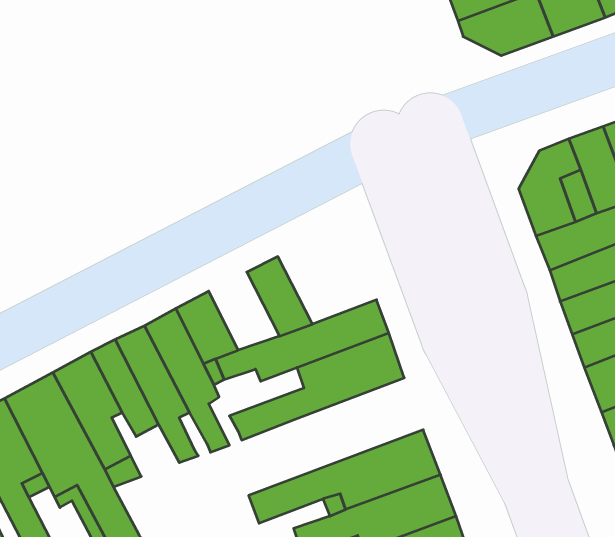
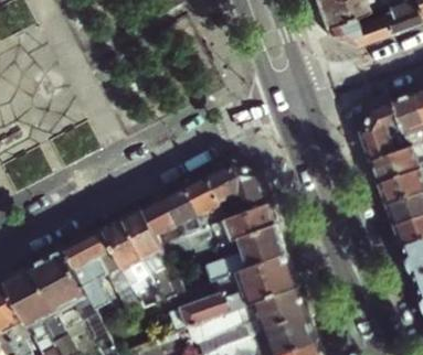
building: none -> [205,160,268,218]
building: none -> [161,185,207,235]
building: none -> [168,252,298,332]

